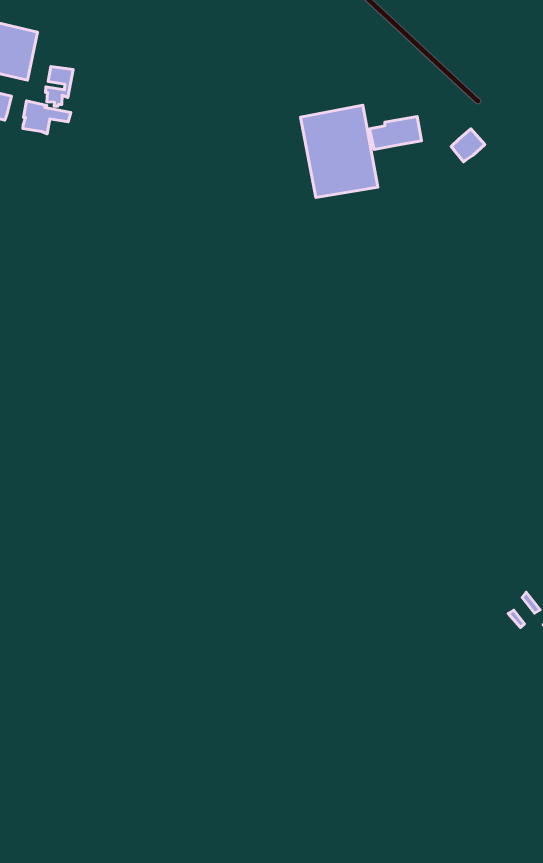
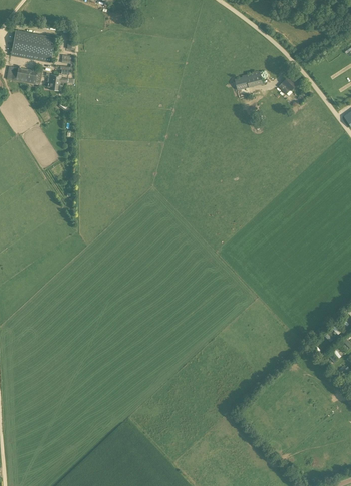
building: [301,105,378,197] -> none

